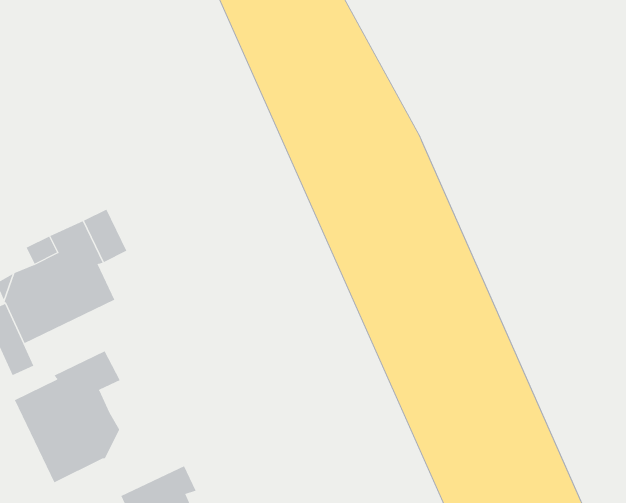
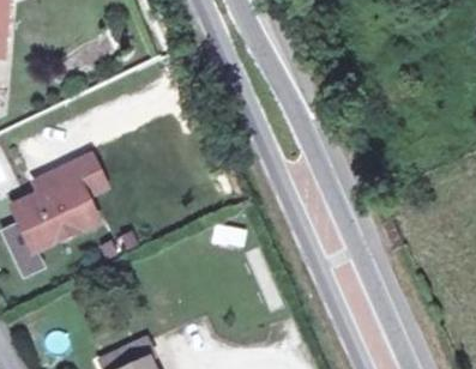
building: [14,350,120,483] -> none

